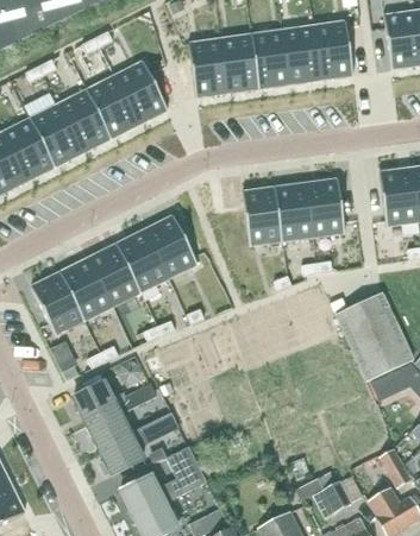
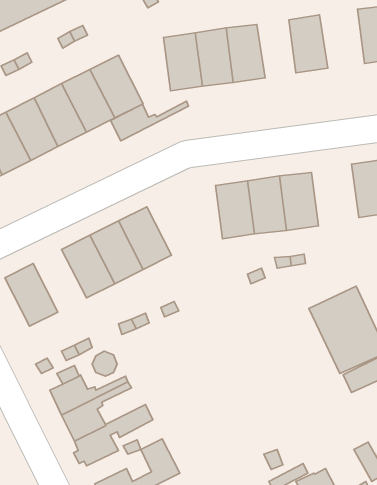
building: [283,25,322,83] -> none
building: none -> [111,101,188,141]
building: [58,256,112,319] -> none

